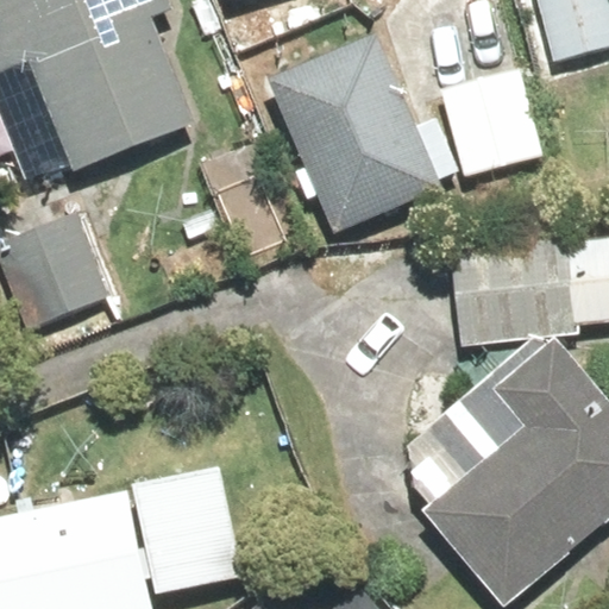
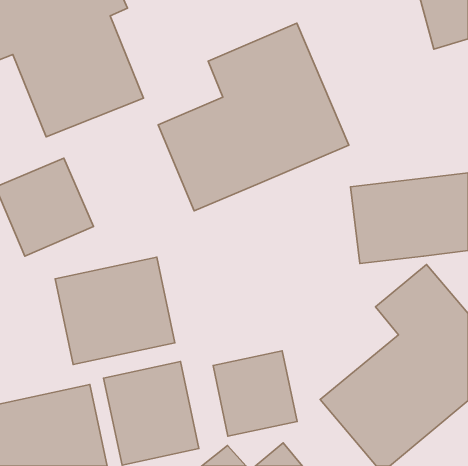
building: [441,63,553,181] -> none
building: none -> [55,257,175,365]
building: none -> [213,351,297,436]

